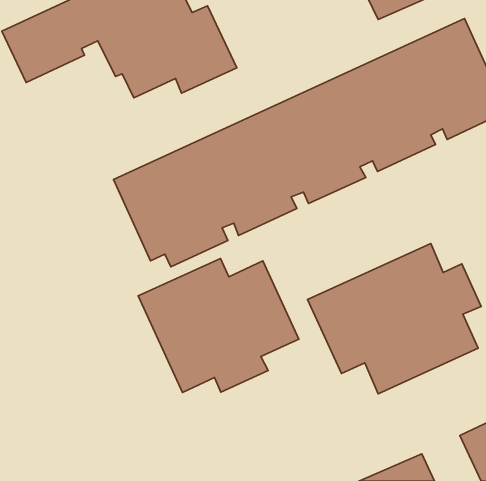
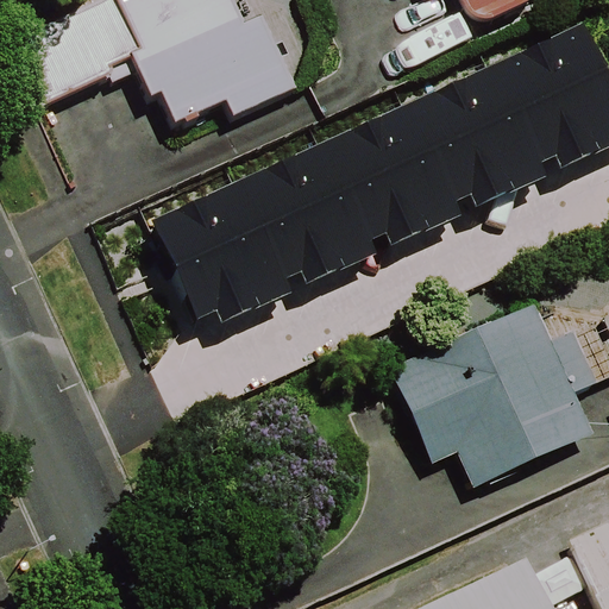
building: [138,259,299,392] -> none

